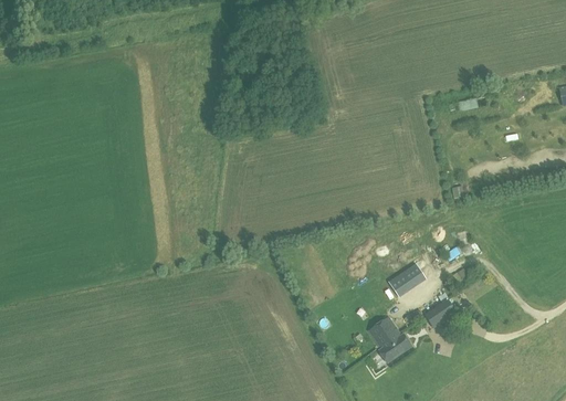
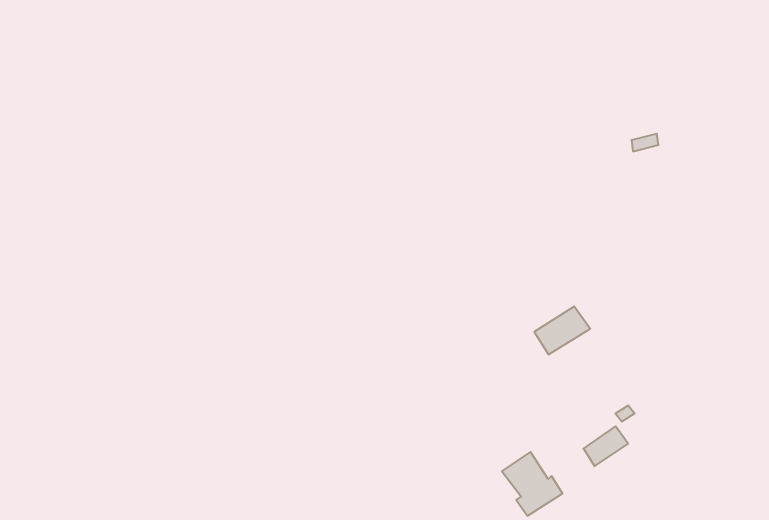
building: [388,264,427,297] -> [534,306,590,354]

